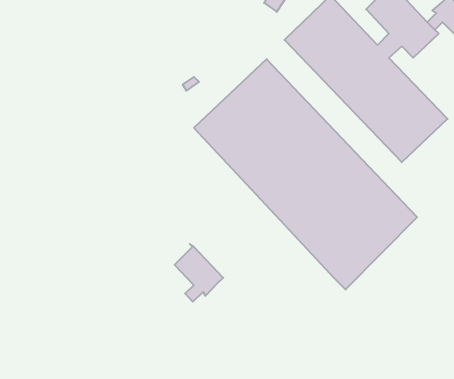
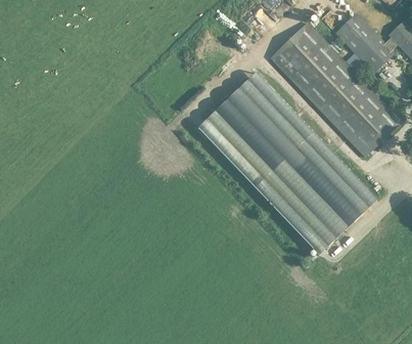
building: [175,244,223,302] -> none

